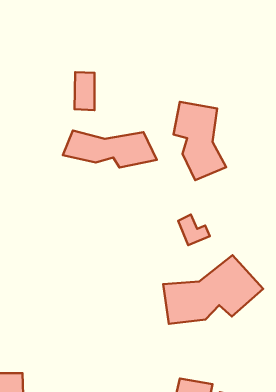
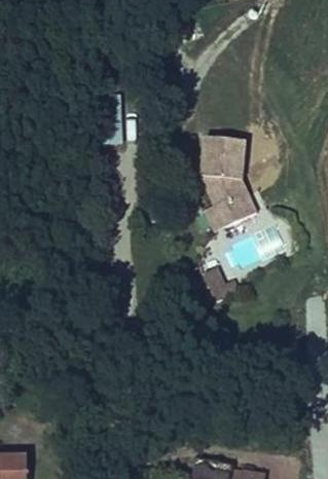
building: [63,131,157,168] -> none
building: [163,255,263,324] -> none

